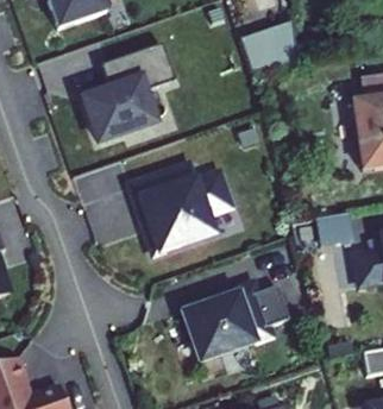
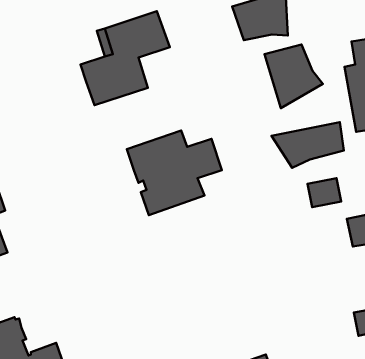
building: none -> [264,44,323,108]
building: none -> [272,122,344,168]
building: [183,284,288,358] -> none

